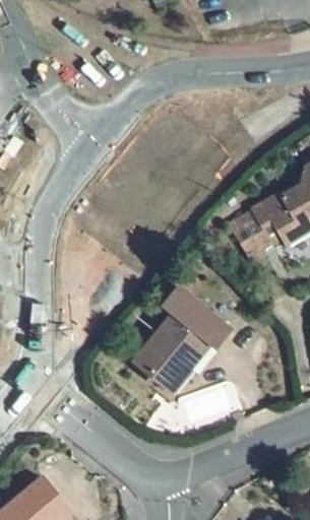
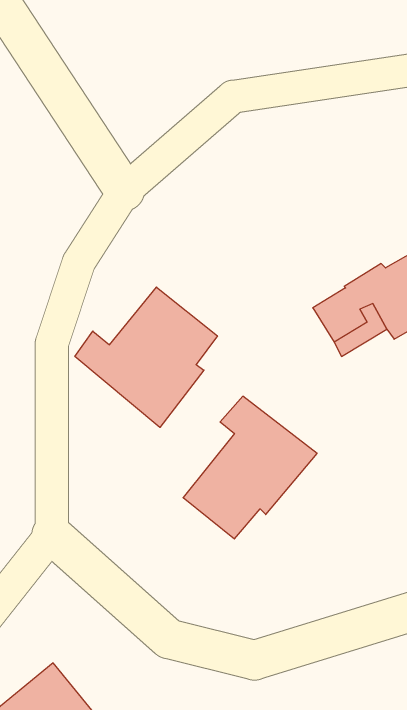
building: none -> [75,287,217,427]

